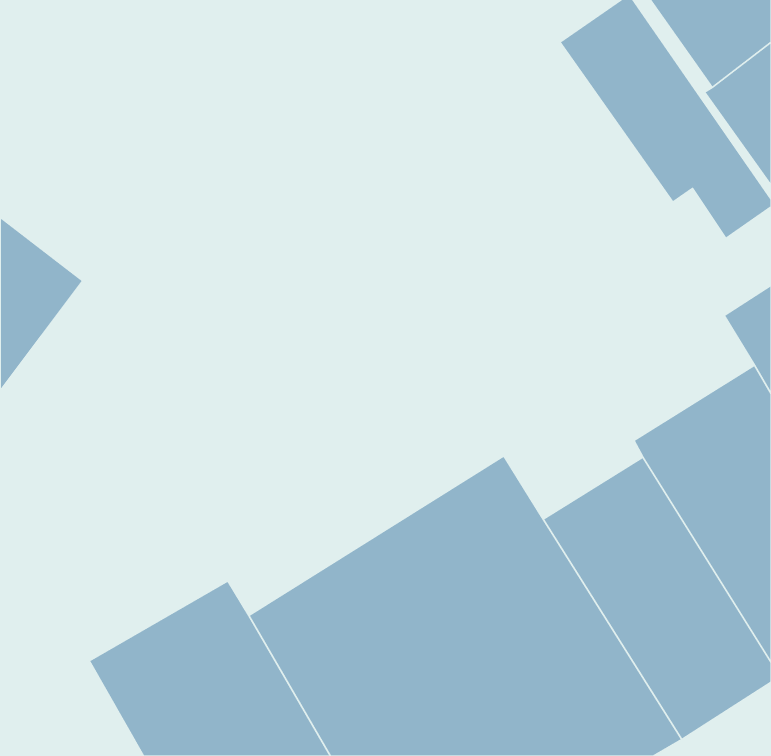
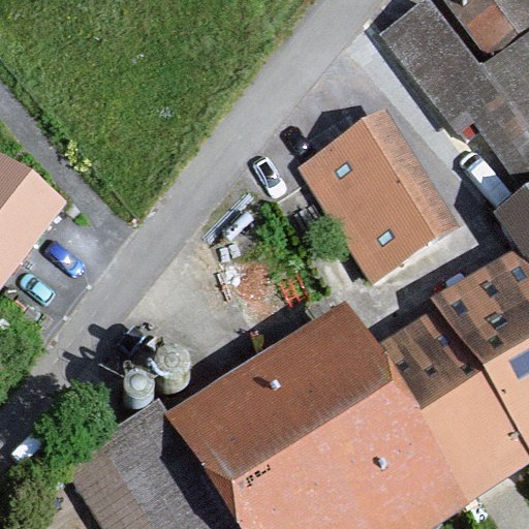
building: none -> [300,110,459,273]

